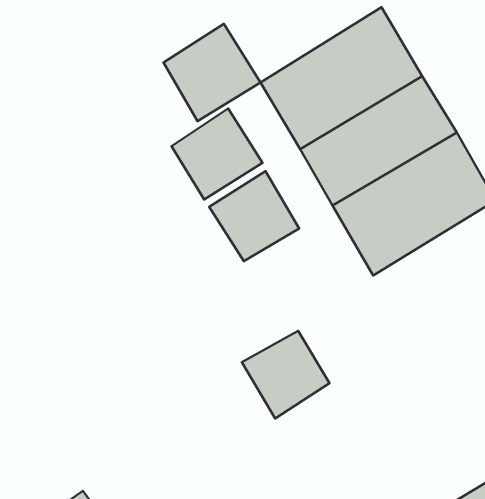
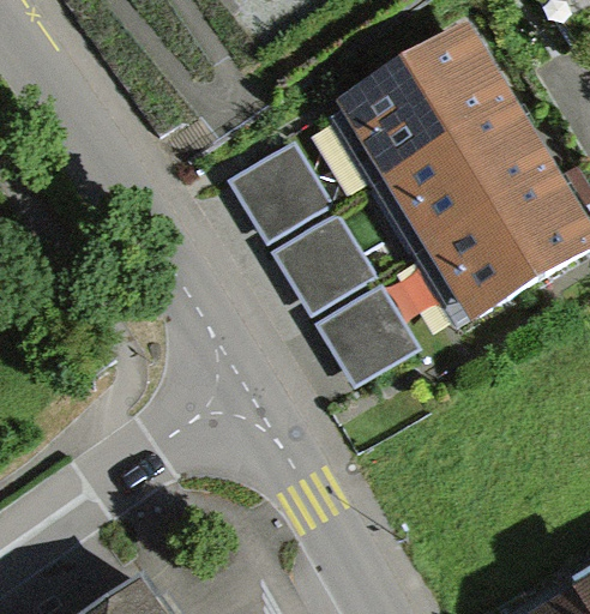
building: [163,24,260,121] -> none
building: [242,331,330,419] -> [317,284,417,385]

